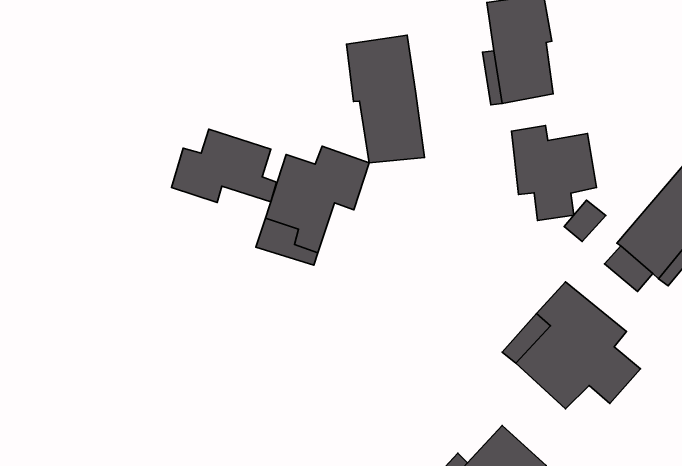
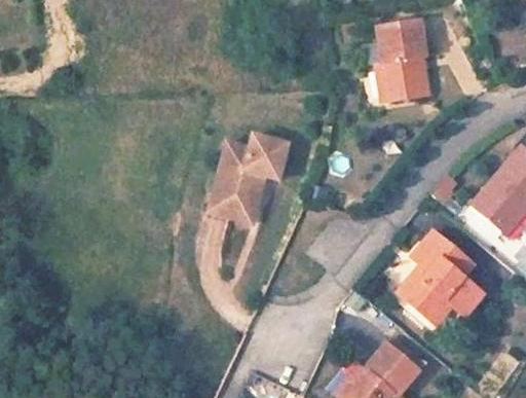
building: [347,35,425,163] -> none
building: [512,126,597,220] -> none
building: [171,129,277,202] -> none

